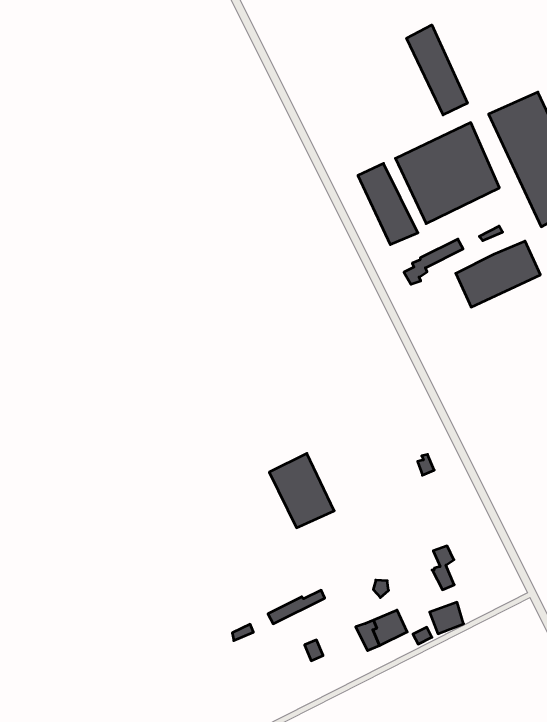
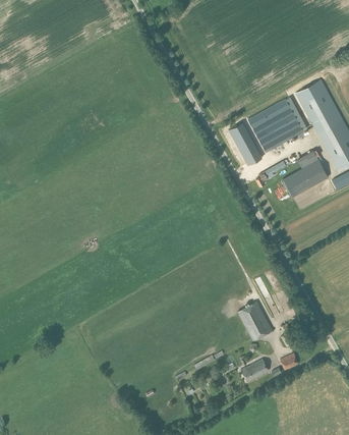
building: [407,25,467,115] -> none
building: [269,453,334,528] -> [237,301,273,340]

